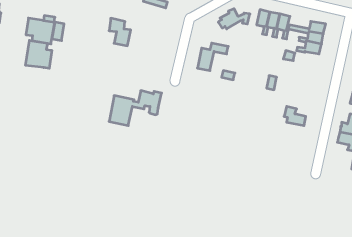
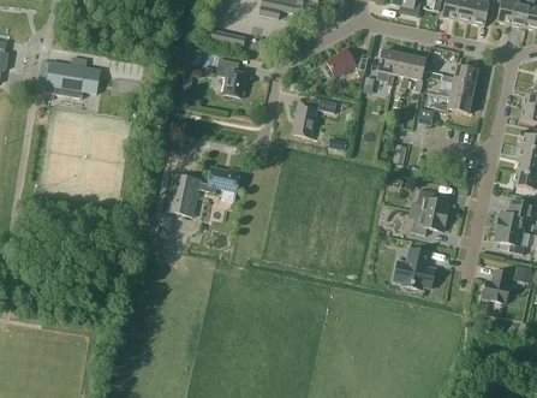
building: [109,18,131,46] -> [216,57,247,96]
building: [26,40,52,68] -> none
building: none -> [412,210,447,234]
building: none -> [395,248,436,289]
building: none -> [484,269,511,301]

